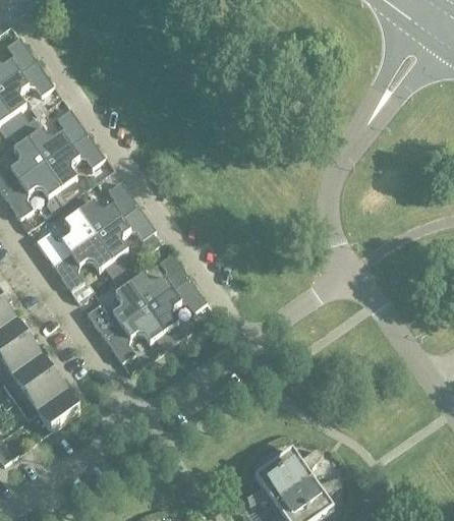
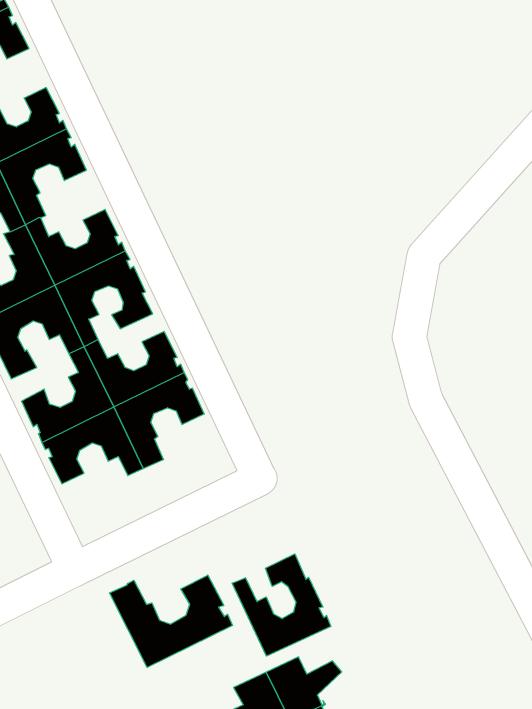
building: none -> [232,554,331,656]
building: none -> [110,575,232,667]

